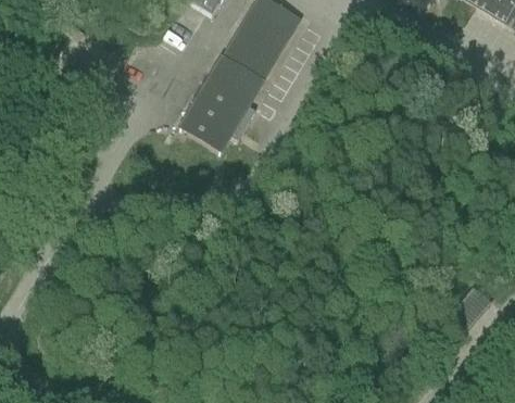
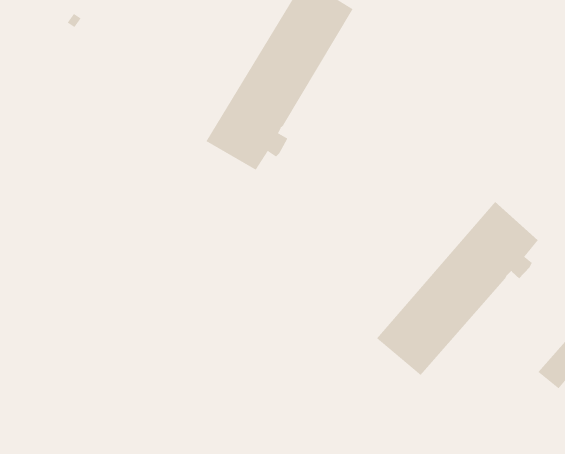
building: none -> [376,201,539,376]

